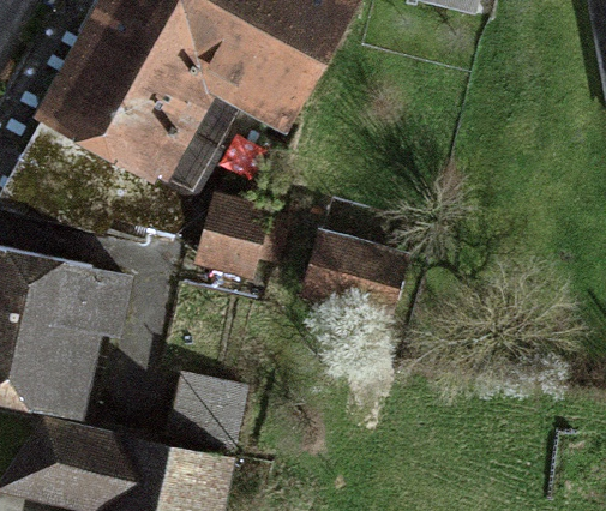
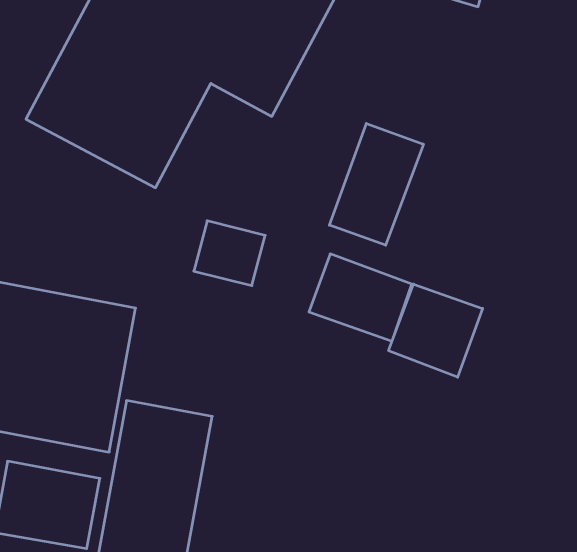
building: none -> [329,123,423,245]
building: none -> [389,284,483,377]

